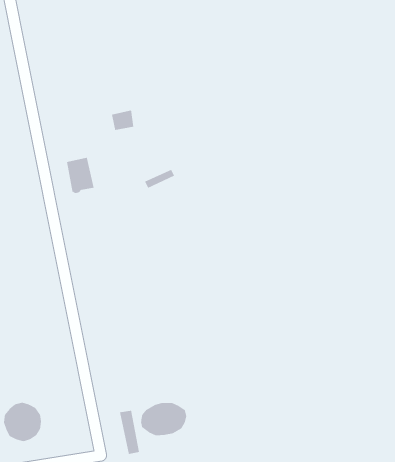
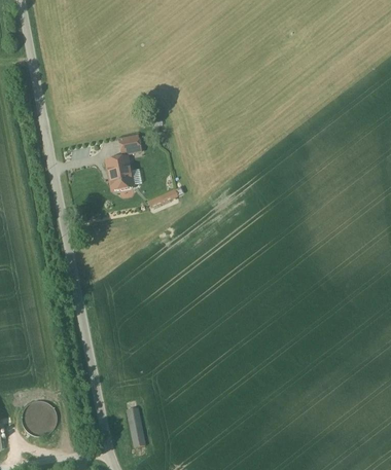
building: [66,157,94,194] -> [107,156,133,189]
building: [141,402,187,436] -> none

